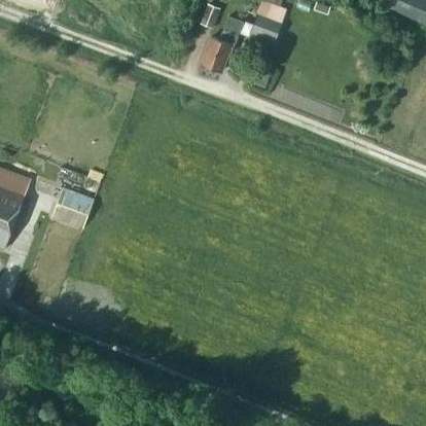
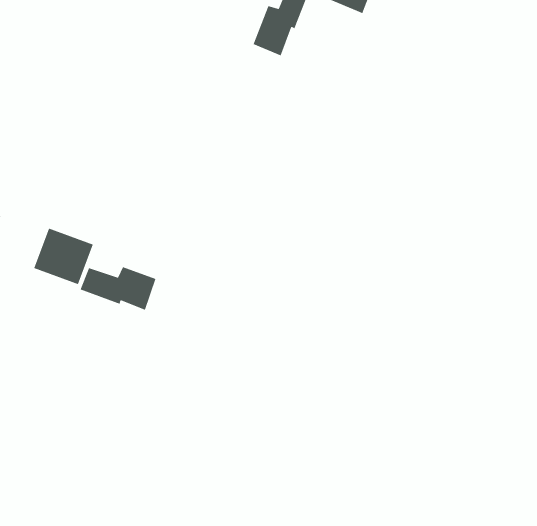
building: none -> [80,266,156,311]

